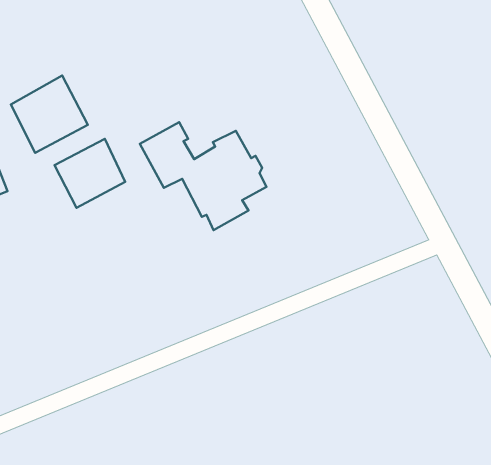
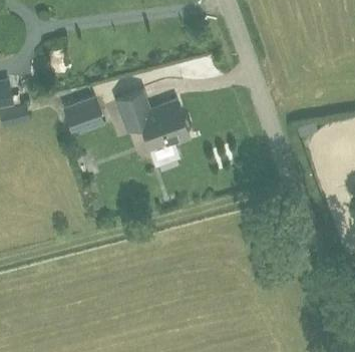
building: [11,76,88,153] -> none

